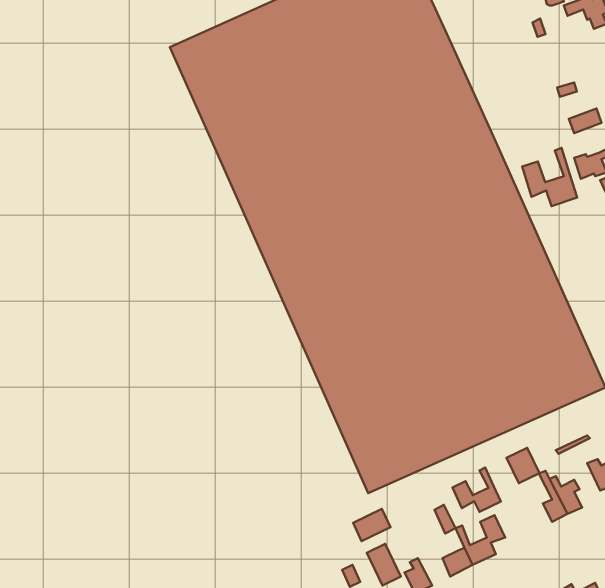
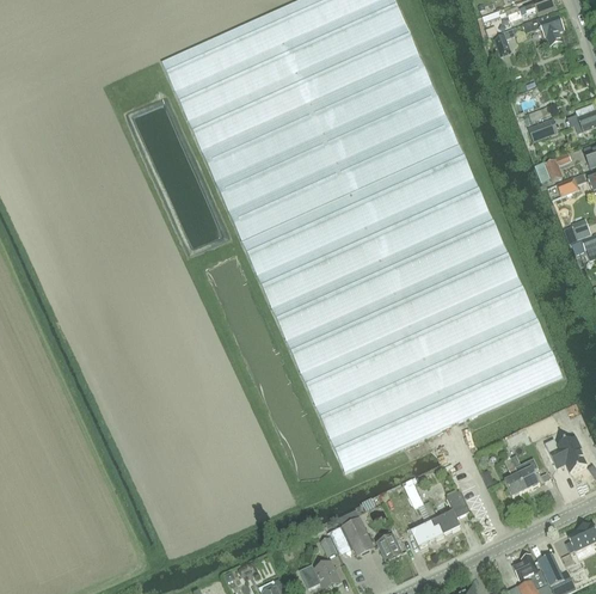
building: [522,148,577,206] -> none
building: [506,448,540,483] -> none
building: [452,468,501,512] -> none
building: [353,509,390,541] -> none

